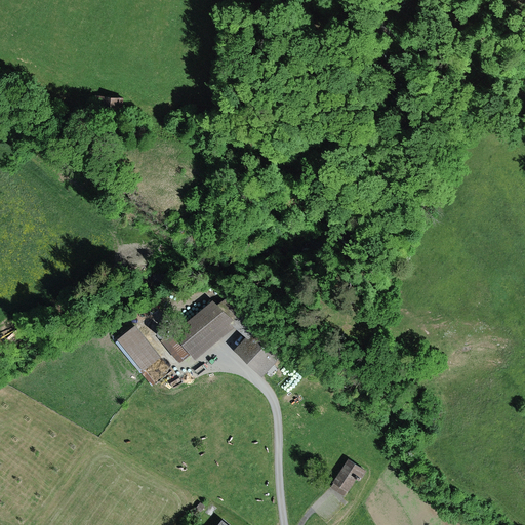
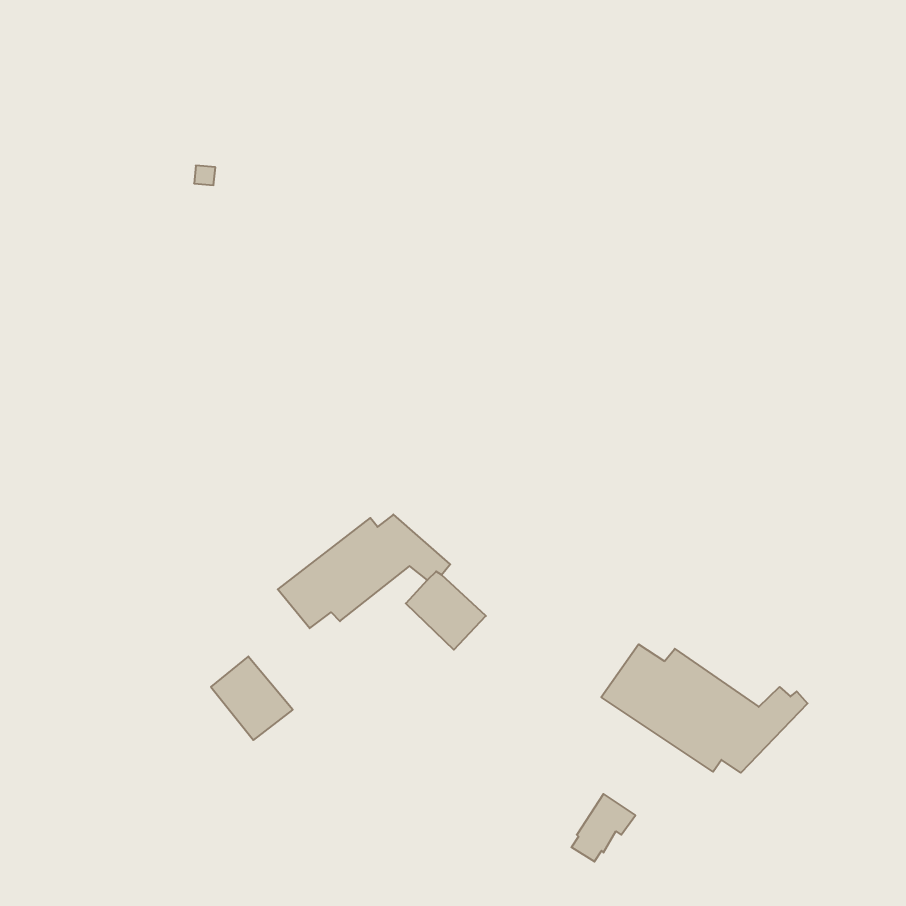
building: [114,326,161,374] -> [211,656,293,740]
building: none -> [601,644,808,773]

